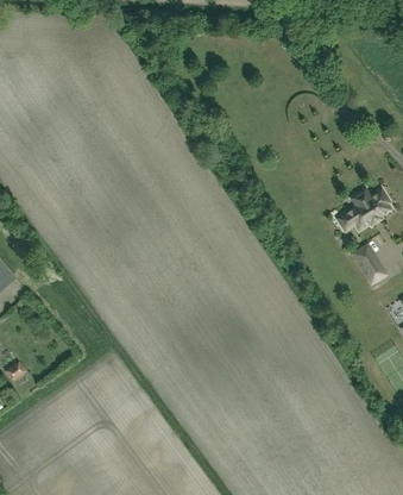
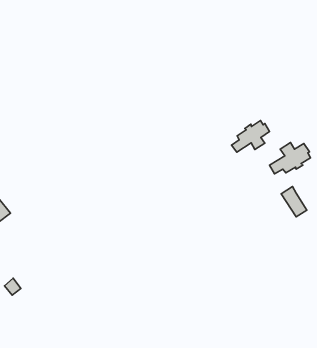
building: none -> [232,121,270,152]

